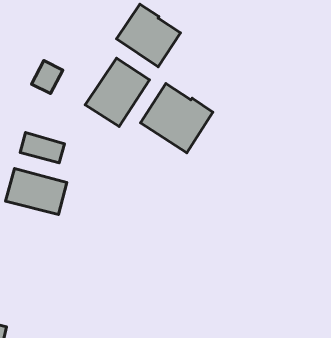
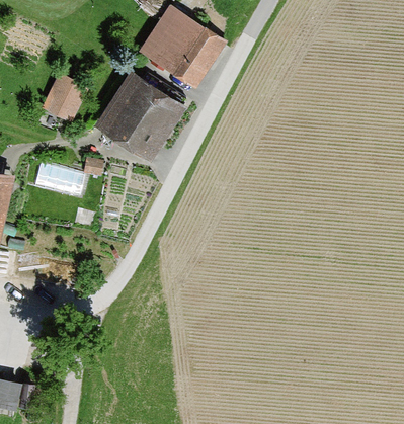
building: [141,84,213,153] -> none
building: [5,168,67,215] -> none

